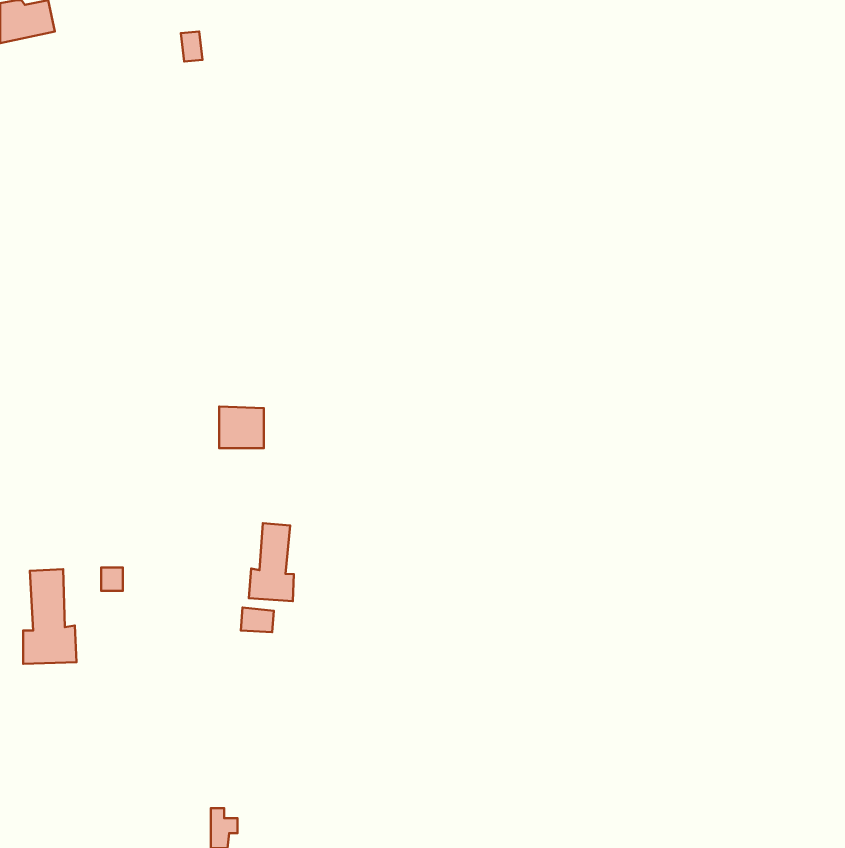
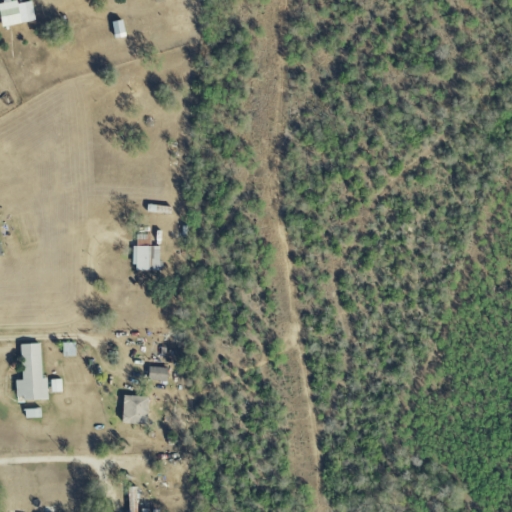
building: [249,523,294,601] -> none
building: none -> [121,396,148,424]

